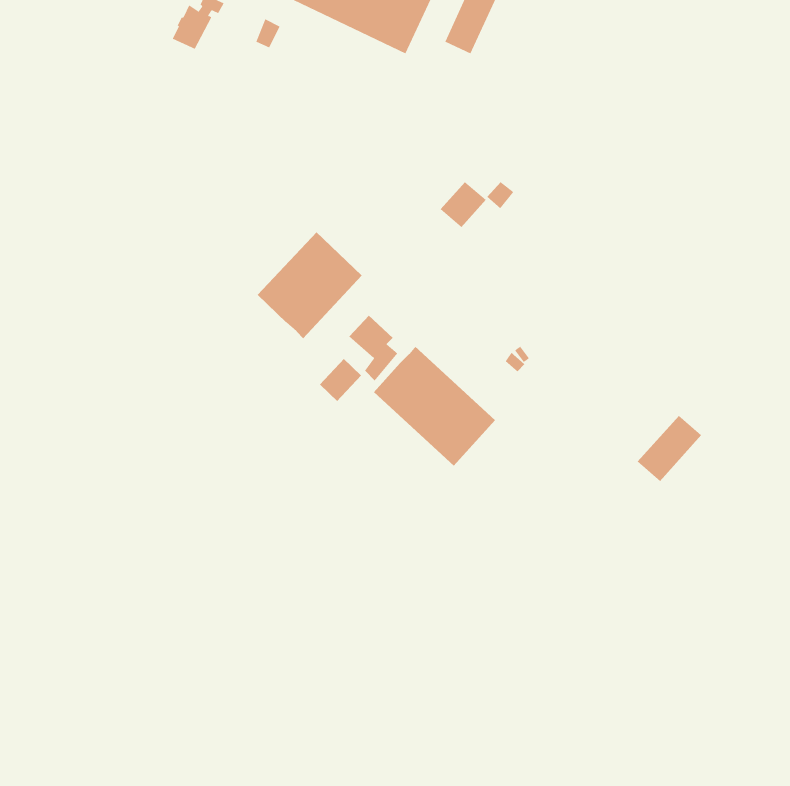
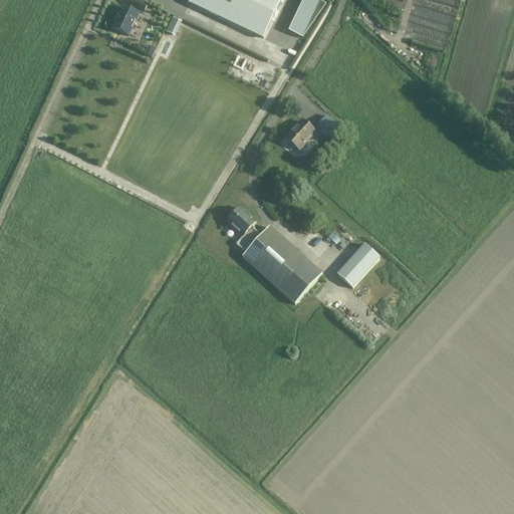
building: [257,231,362,339] -> none
building: [319,358,362,402] -> none
building: [637,415,702,482] -> [336,242,378,285]

